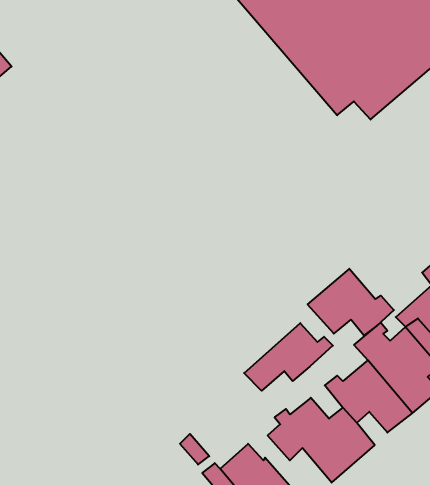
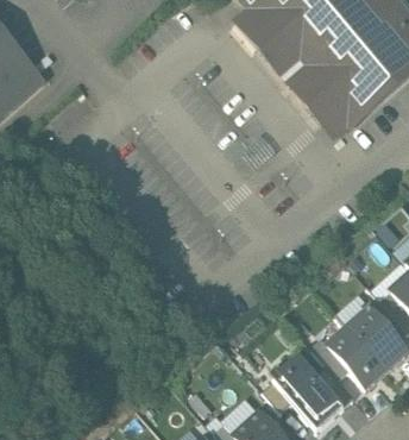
building: [308,269,394,335] -> none
building: [244,323,333,391] -> none

